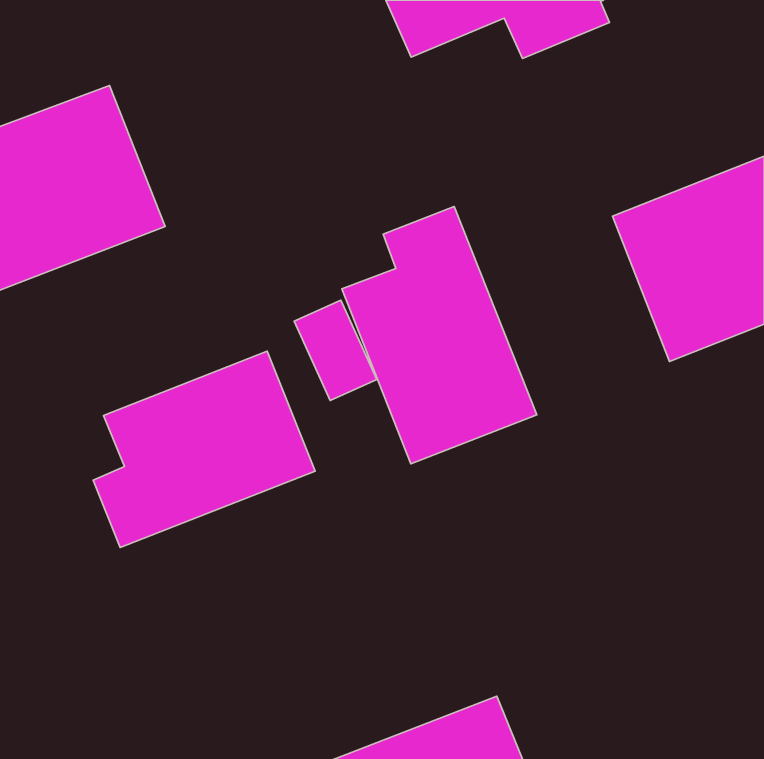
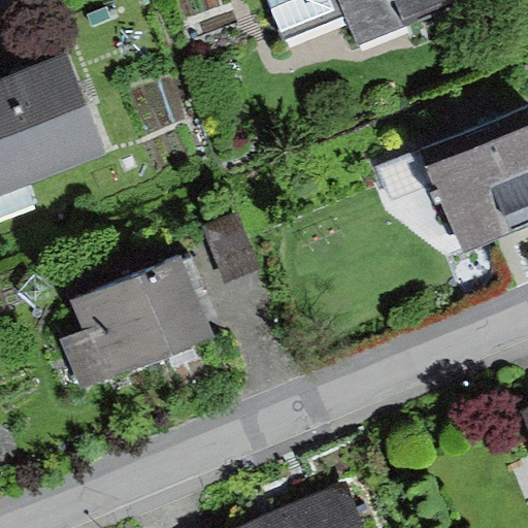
building: [342,207,537,464] -> none

